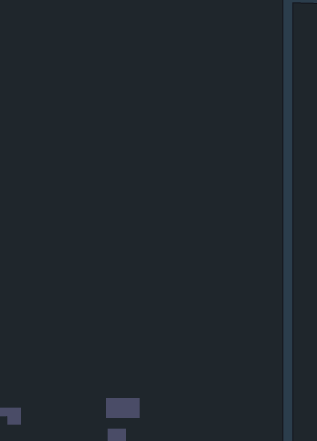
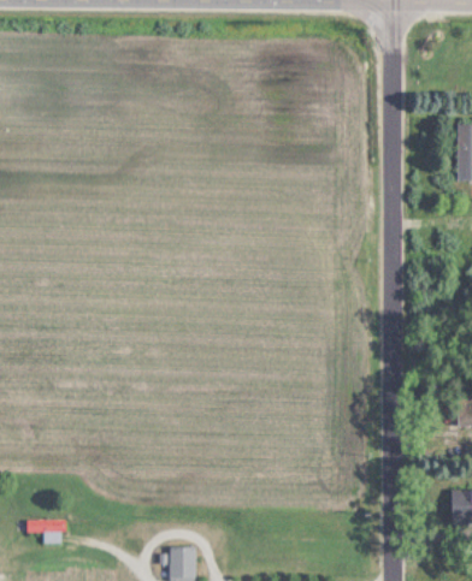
building: [106,397,140,419] -> none

